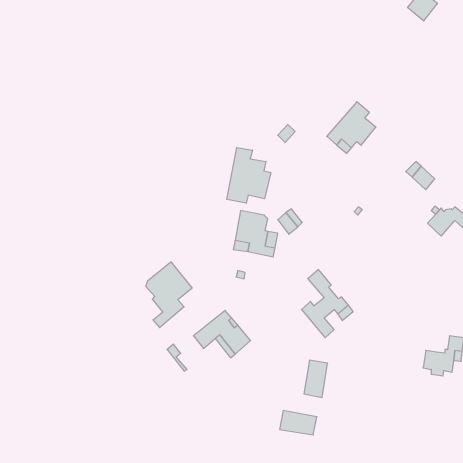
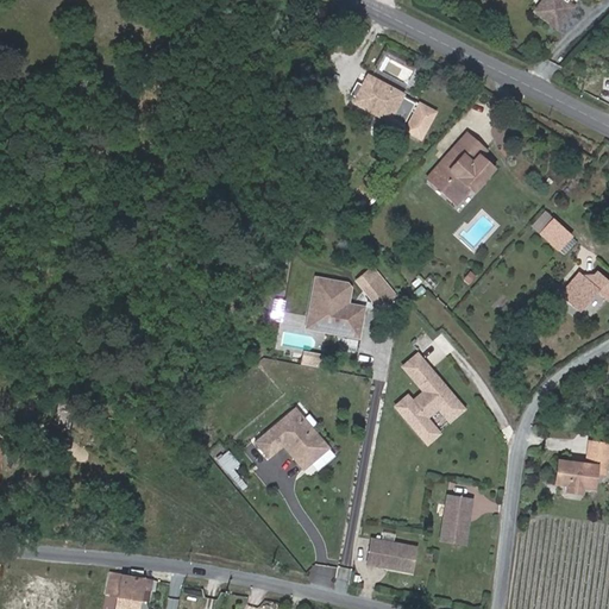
building: none -> [356,75,435,137]
building: [227,147,271,203] -> none
building: [146,262,192,328] -> none
building: [304,360,328,398] -> [441,495,472,544]
building: none -> [107,572,155,599]

